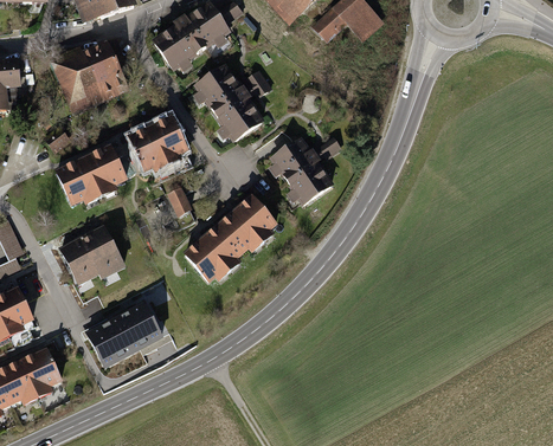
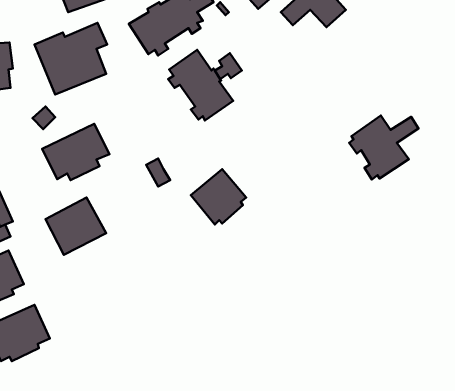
building: [126,118,187,174] -> none
building: [265,137,341,207] -> [349,116,419,180]
building: [181,224,242,284] -> none
building: [88,304,161,368] -> none

